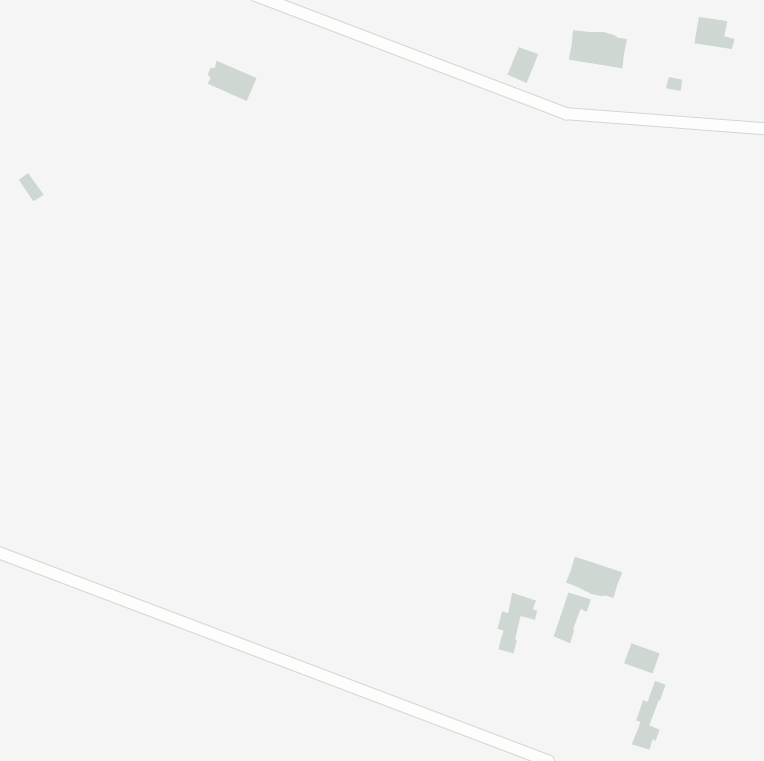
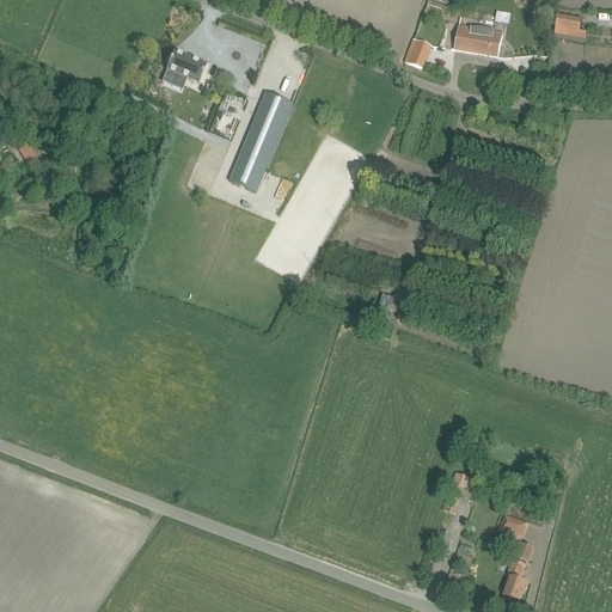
building: none -> [228,91,292,191]
building: [565,556,623,599] -> none
building: [497,592,538,654] -> none

